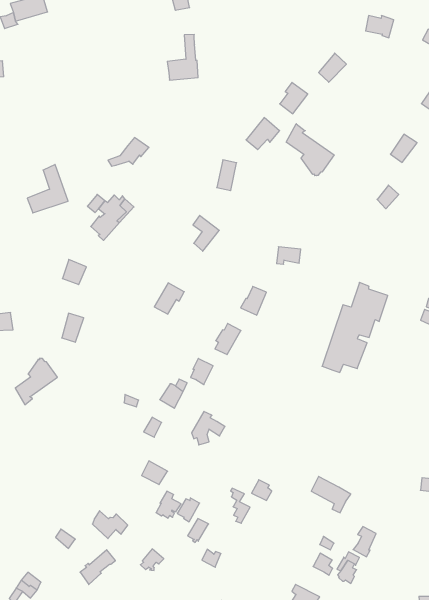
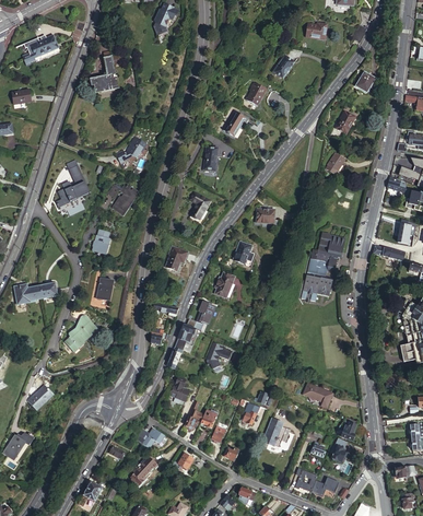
building: [167,35,198,80] -> [93,56,118,93]
building: [286,124,334,176] -> none
building: none -> [261,419,290,447]

